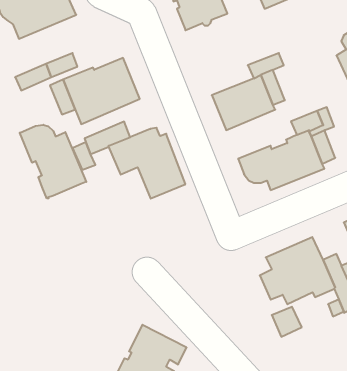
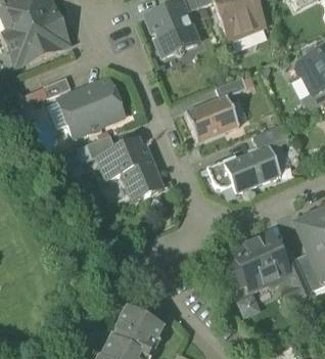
building: [20,125,86,198] -> none

